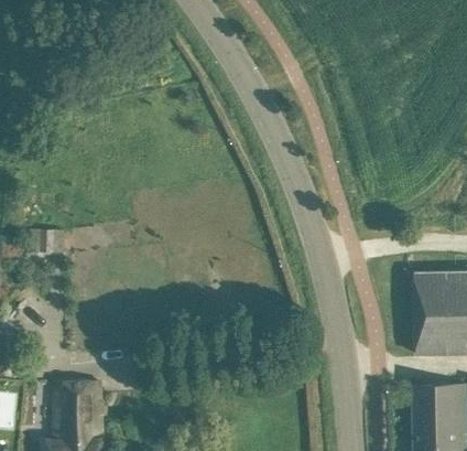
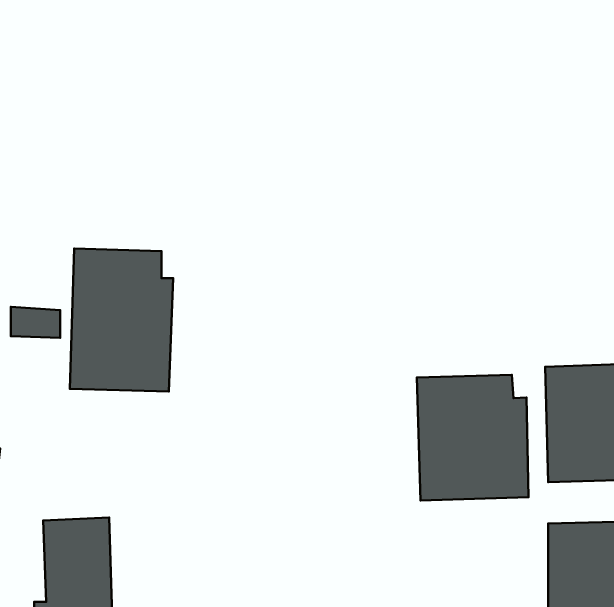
building: none -> [70,248,173,392]
building: none -> [417,375,528,500]

